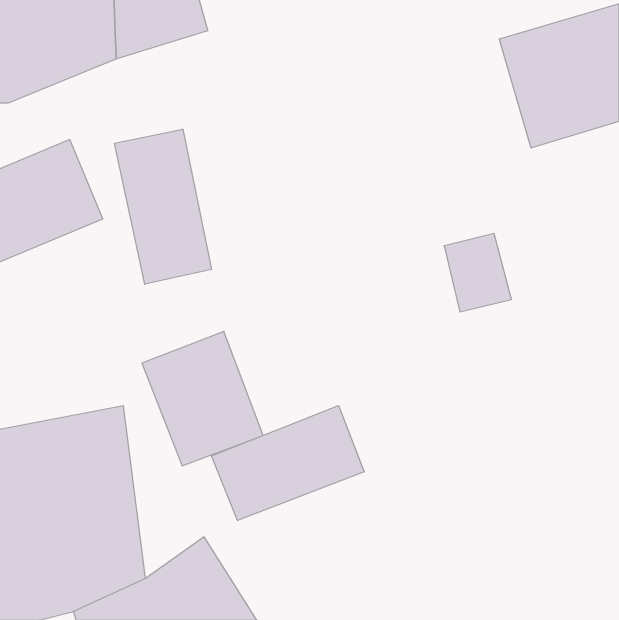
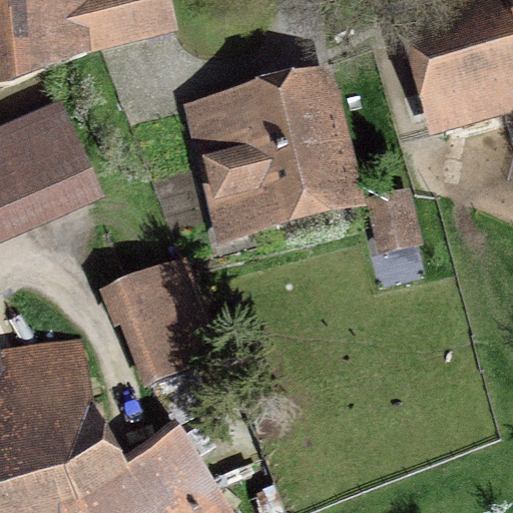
building: none -> [193,92,337,223]
building: [115,129,212,284] -> none
building: [211,406,364,521] -> none

